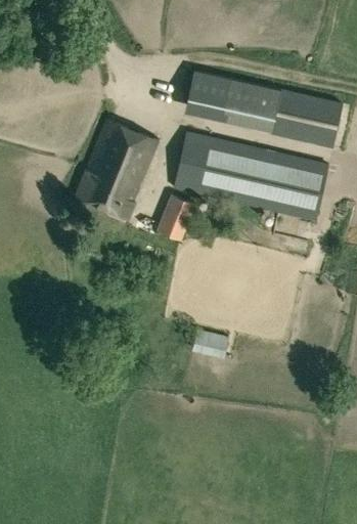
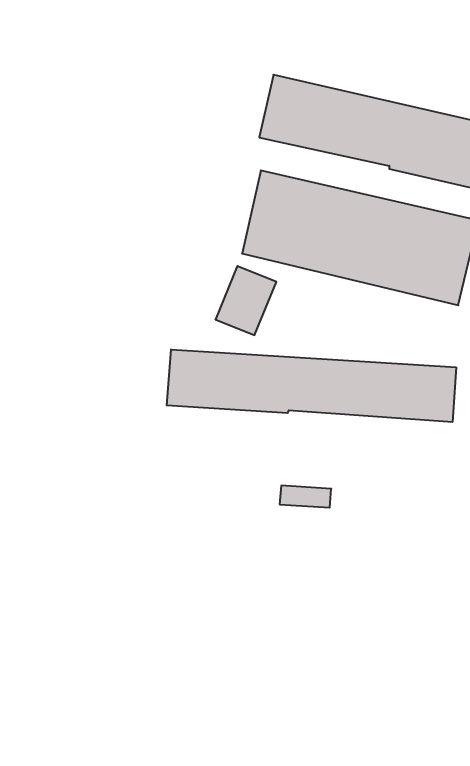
building: [76,119,159,217] -> none
building: none -> [167,349,456,422]

